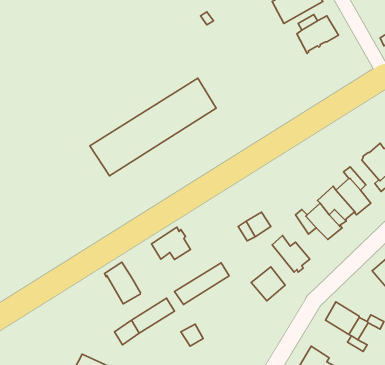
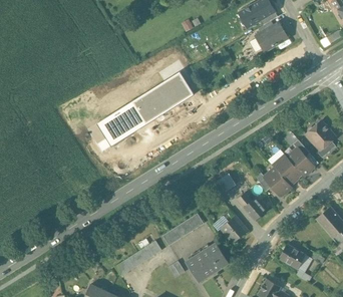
building: [152,227,191,259] -> none
building: [104,262,141,304] -> none
building: none -> [187,242,229,281]

